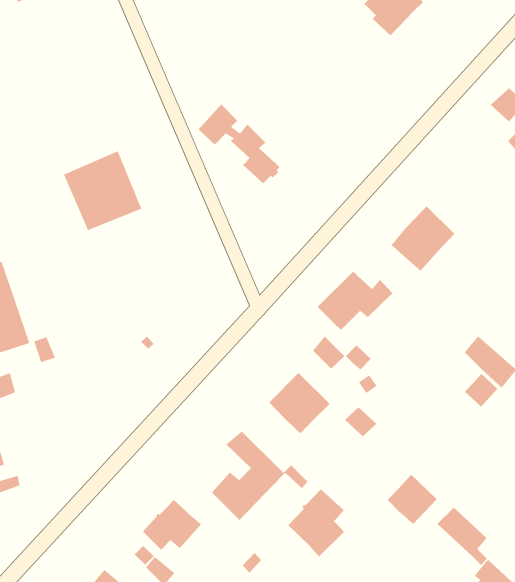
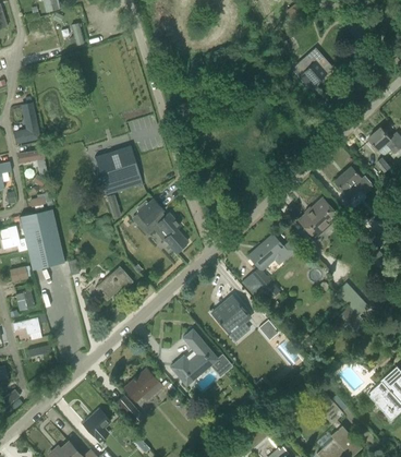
building: [198,103,280,184] -> [137,199,187,252]
building: none -> [333,167,373,201]
building: none -> [95,265,133,301]
building: [387,474,438,525] -> none
building: [288,489,345,557] -> none

